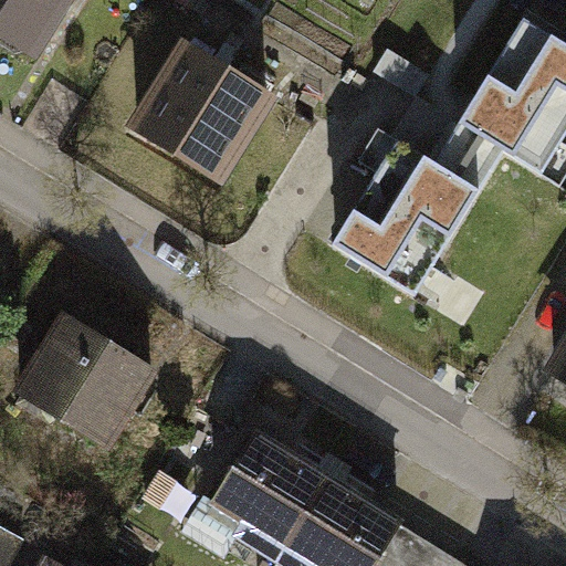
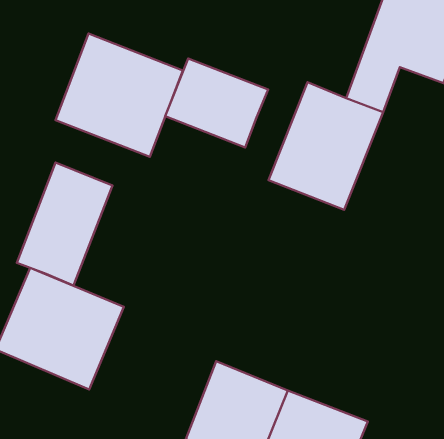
building: none -> [165,58,268,147]
building: none -> [17,163,112,286]

